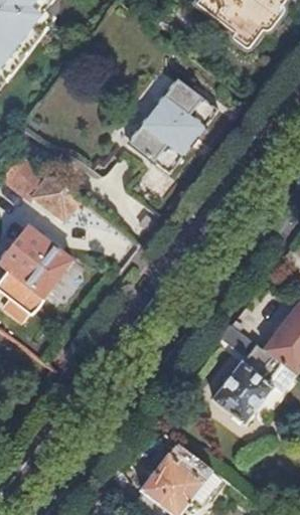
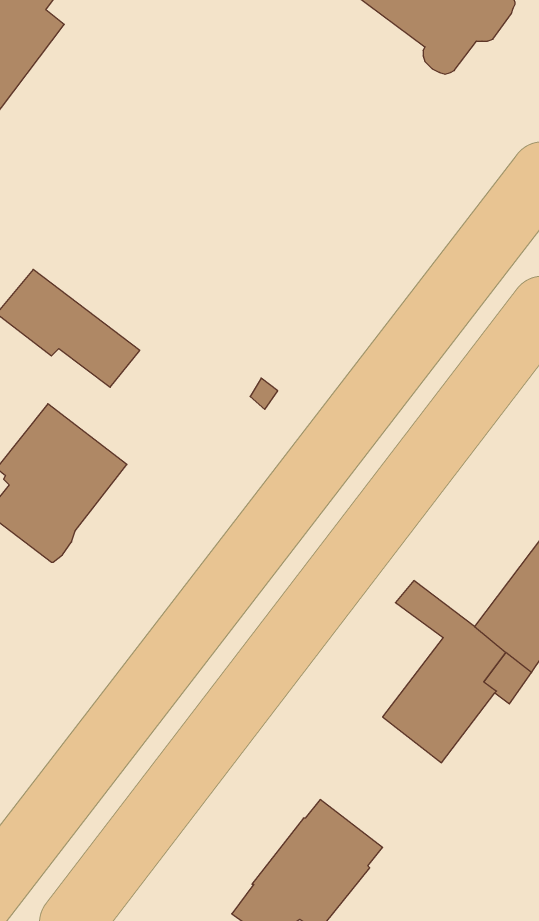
building: [128,78,216,173] -> none

